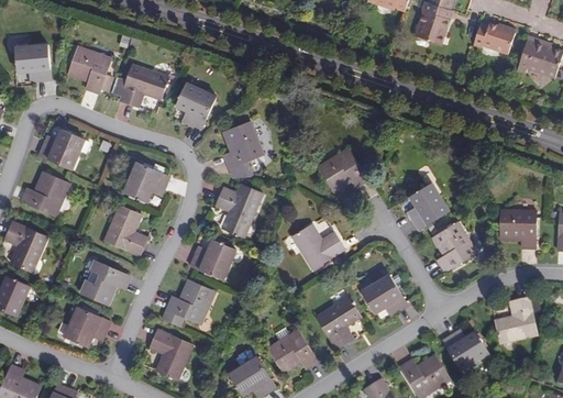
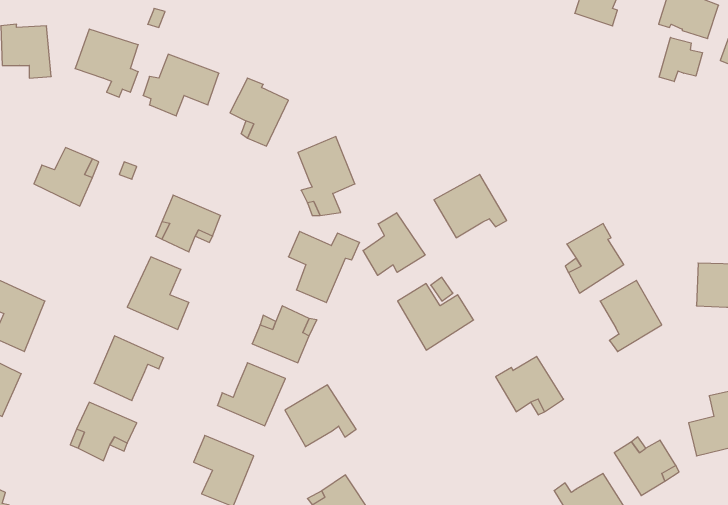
building: none -> [659,37,702,82]
building: [21,172,69,215] -> none
building: none -> [363,213,425,275]
building: [316,296,361,349] -> none
building: [267,329,317,372] -> [285,385,356,447]

